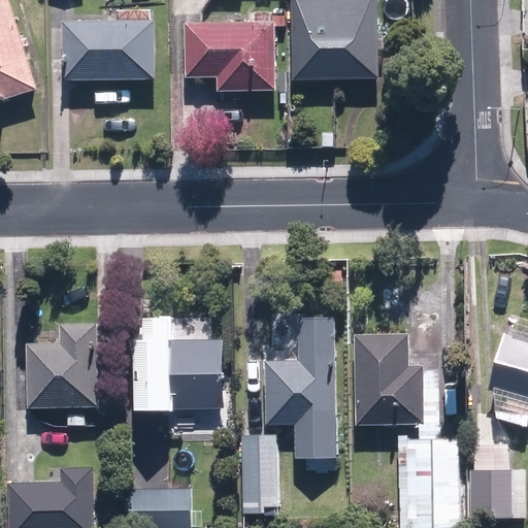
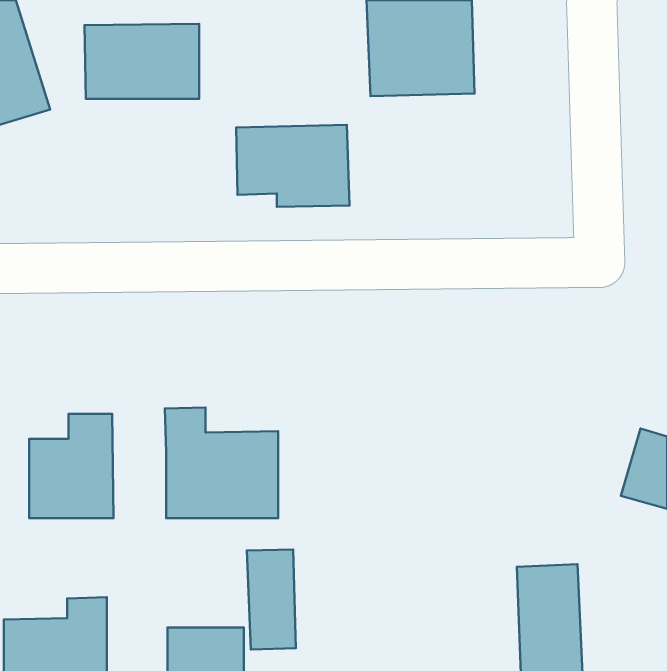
building: [189,23,277,87] -> [236,125,349,207]
building: [267,318,339,457] -> none
building: [359,334,424,422] -> none
building: [241,435,279,514] -> [247,549,296,650]
building: [466,473,506,521] -> none

